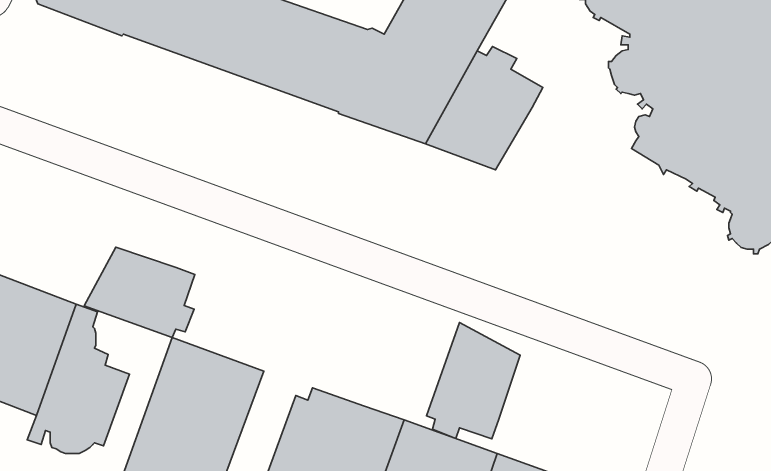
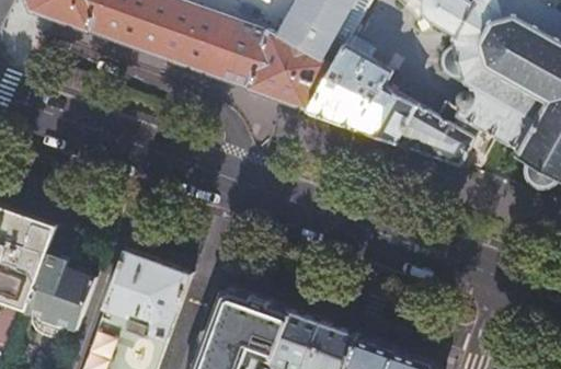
building: none -> [358,85,479,165]
building: [84,247,195,338] -> none
building: [426,322,520,439] -> none

